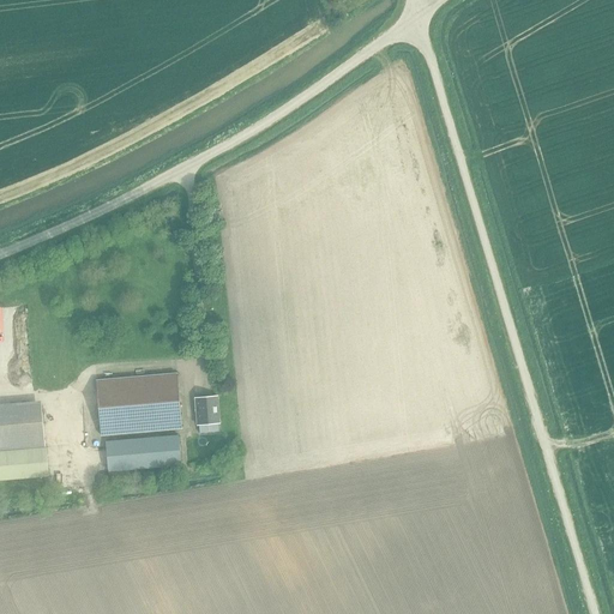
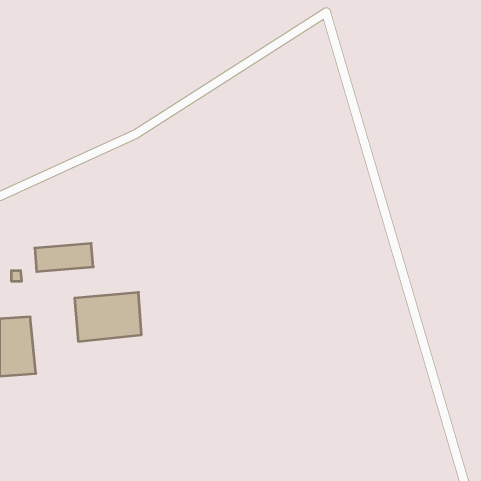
building: [193,395,218,423] -> none
building: [104,434,179,470] -> [35,243,93,272]

